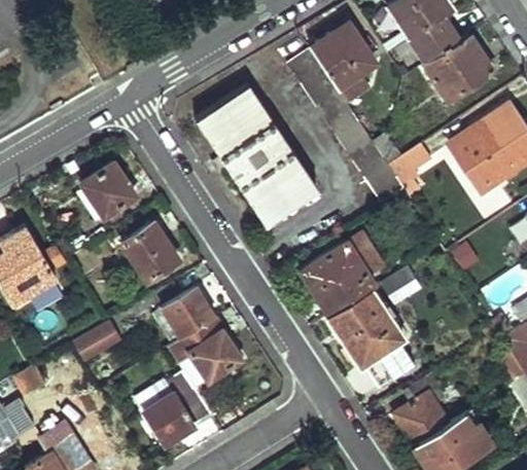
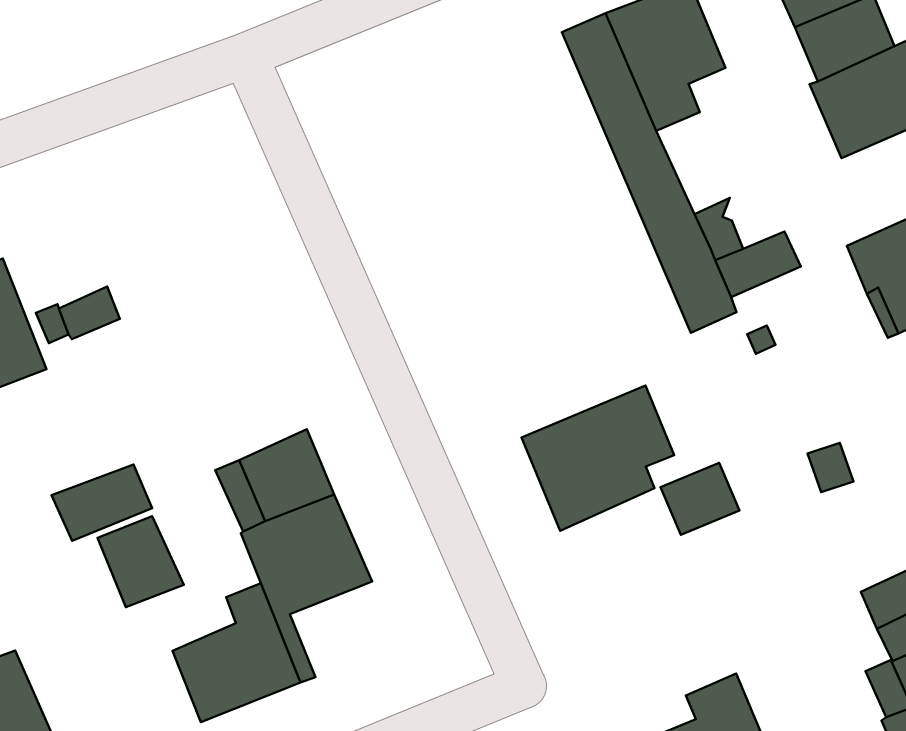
building: [196,85,317,224] -> none
building: [82,162,135,216] -> none
building: [122,223,177,280] -> none
building: [332,287,410,388] -> none
building: none -> [97,516,184,607]

